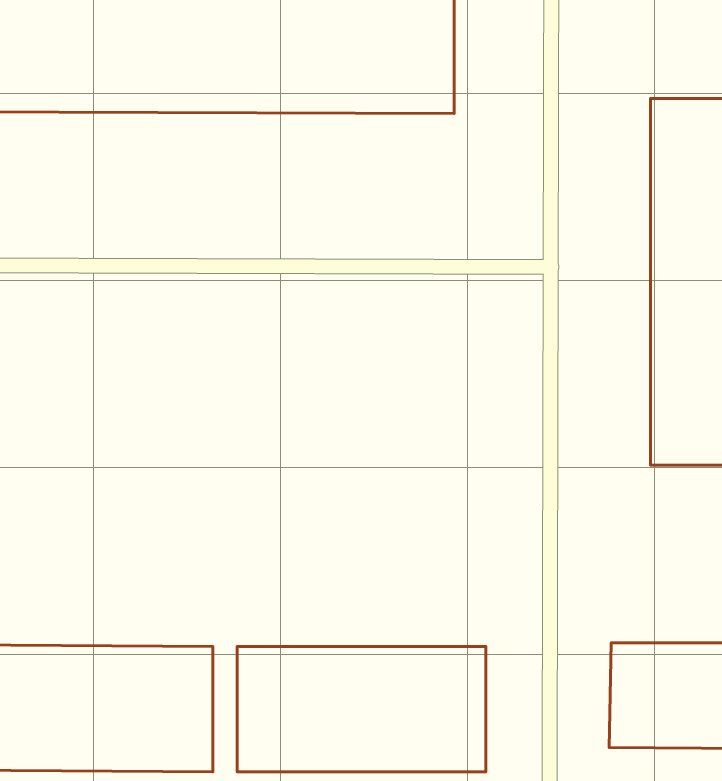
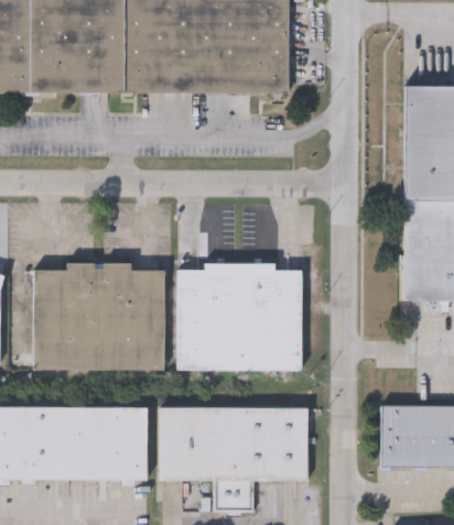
building: none -> [33,261,164,370]
building: none -> [176,262,301,370]

